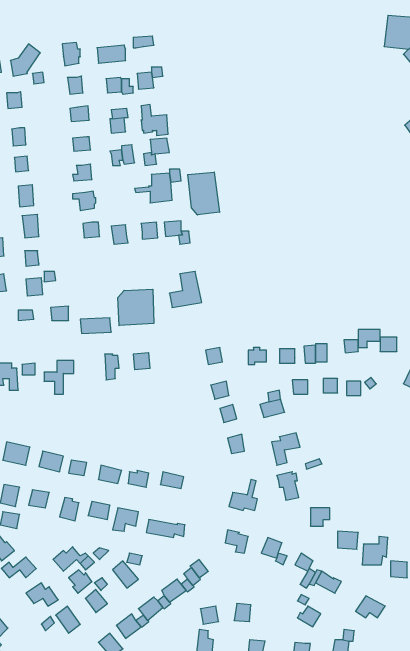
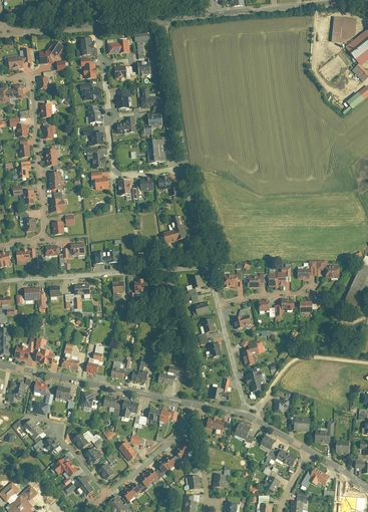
building: [188,172,220,215] -> none
building: [118,289,154,326] -> none

